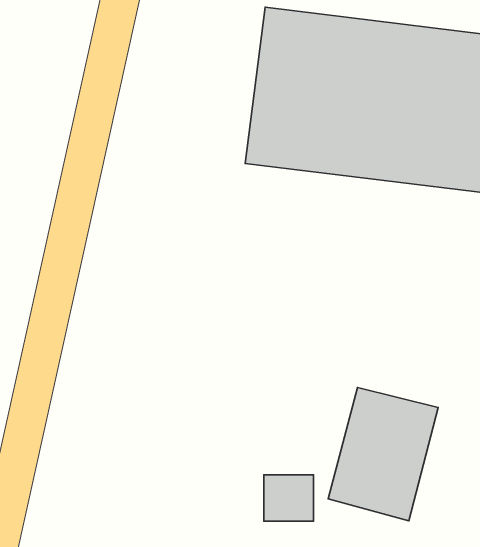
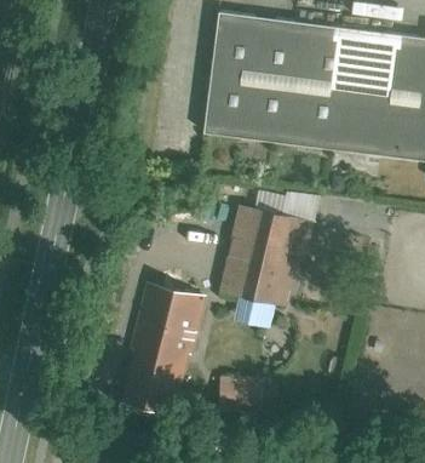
building: none -> [115,285,201,407]
building: [328,388,438,521] -> [219,206,305,310]

